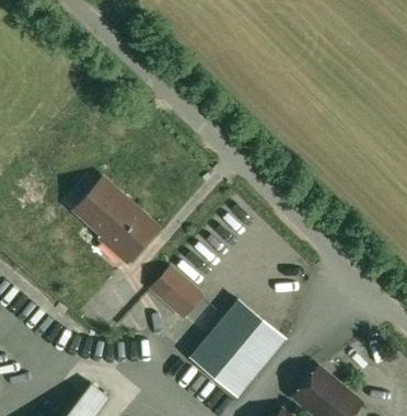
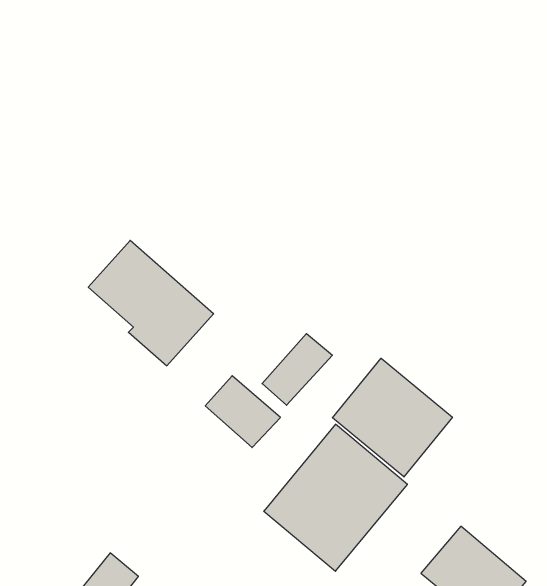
building: none -> [262,334,332,405]
building: none -> [332,358,452,477]

